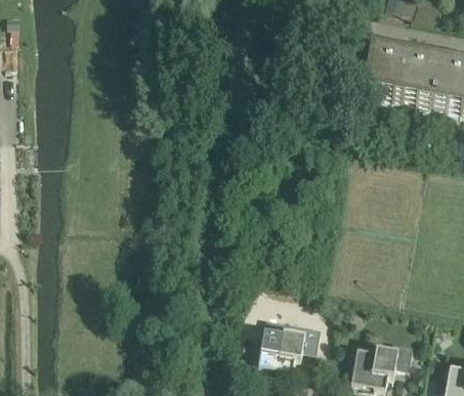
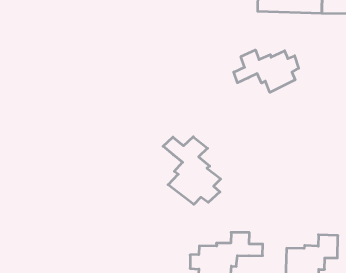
building: none -> [234,50,299,92]
building: none -> [163,137,221,204]

